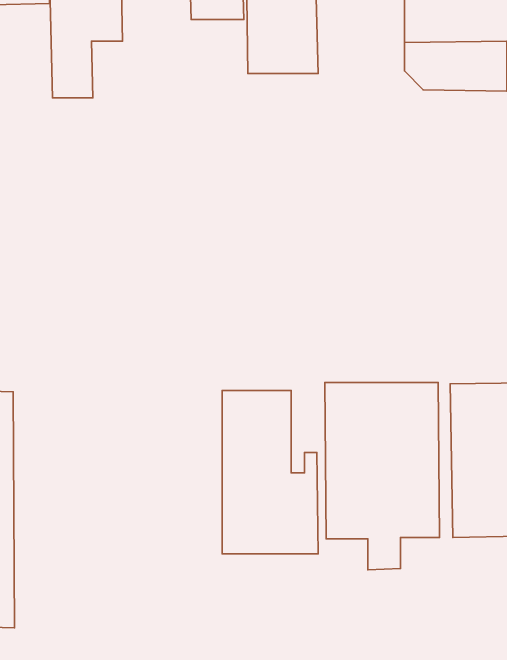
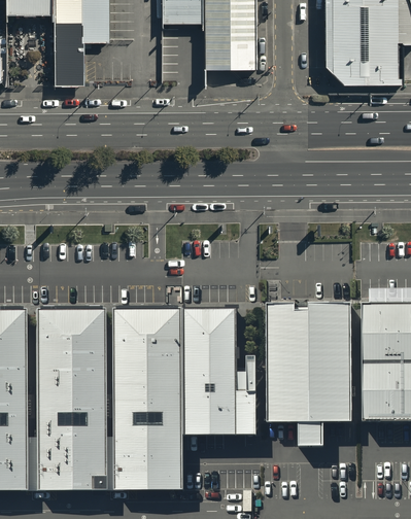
building: none -> [115,308,185,489]
building: none -> [37,309,107,489]

